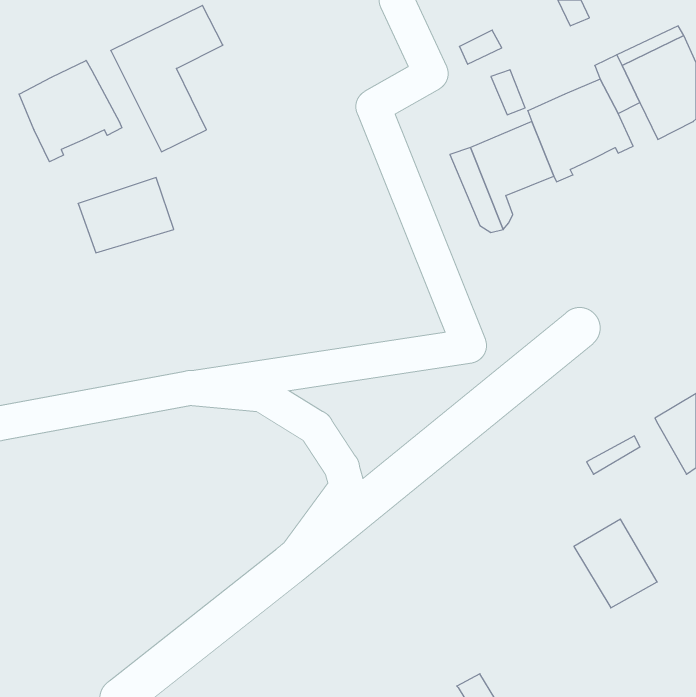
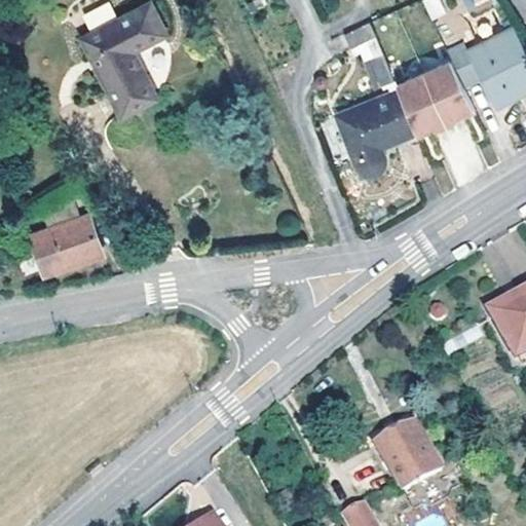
building: [19,60,122,162] -> none
building: [78,178,174,253] -> [31,216,103,272]
building: [574,519,657,608] -> [376,425,439,492]

